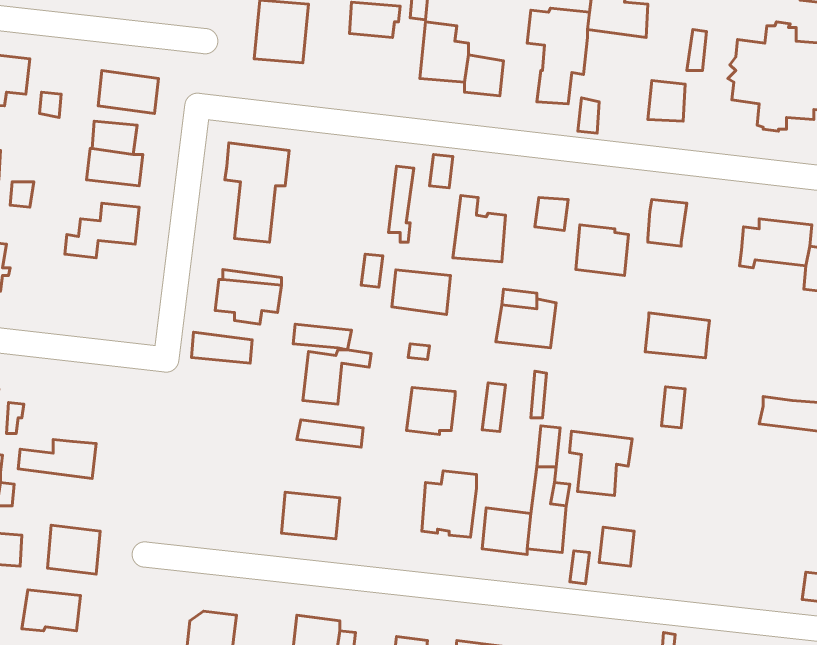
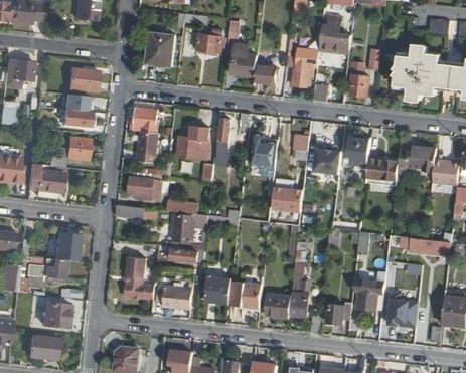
building: none -> [27,161,63,192]
building: [392,270,450,315] -> [178,136,208,159]
building: [645,313,709,358] -> [366,157,400,180]
building: none -> [54,231,80,261]
building: [406,388,455,434] -> [206,276,231,301]
building: [570,431,632,495] -> [354,275,386,309]
building: none -> [124,256,154,299]
building: none -> [397,298,422,325]

